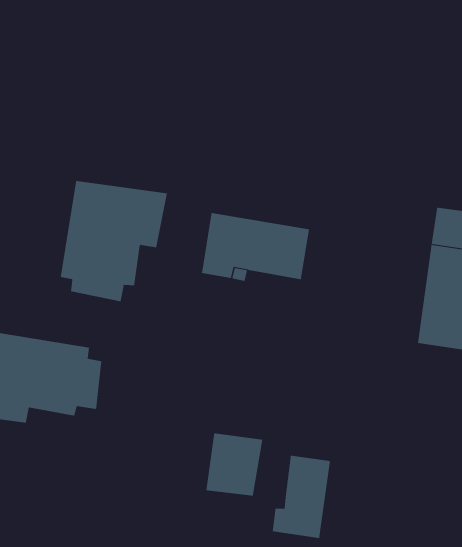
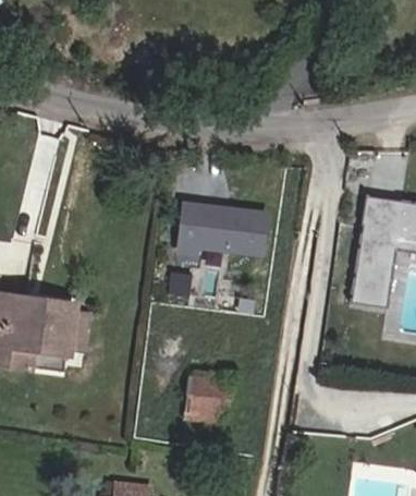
building: [60,180,168,302] -> none
building: [272,455,330,539] -> none

